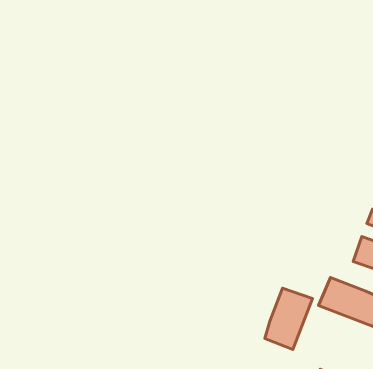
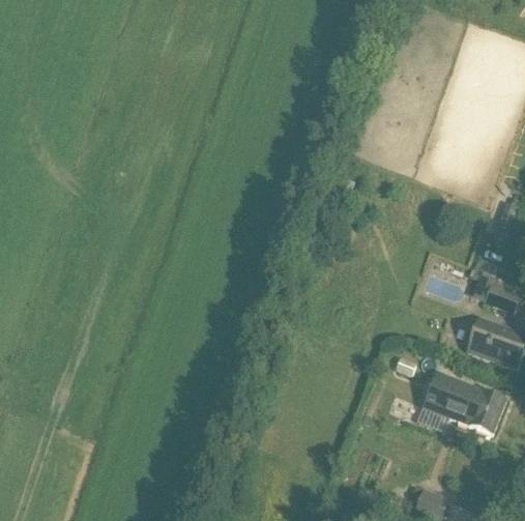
building: [265,288,312,349] -> none

